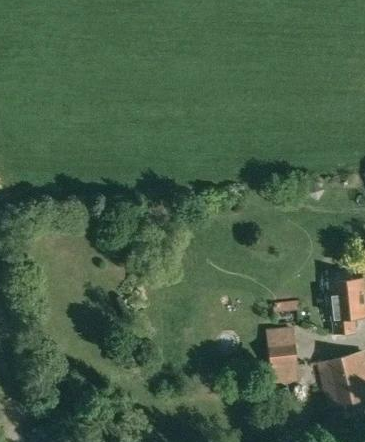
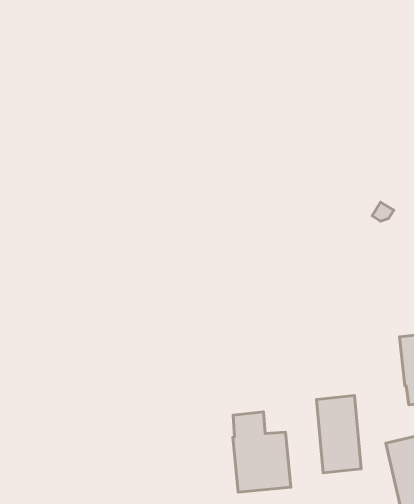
building: none -> [233,412,291,492]

